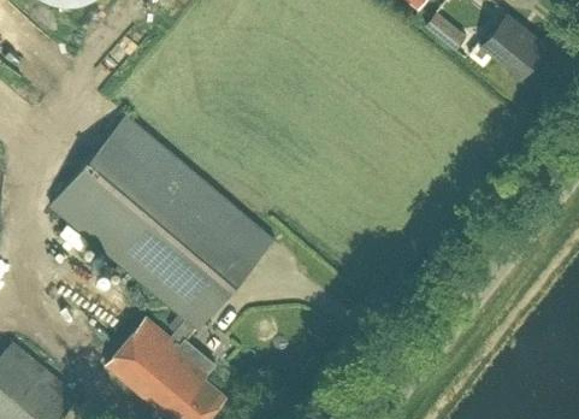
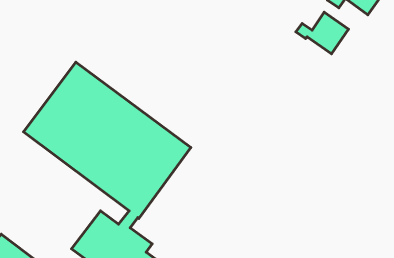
building: none -> [296,12,348,54]

